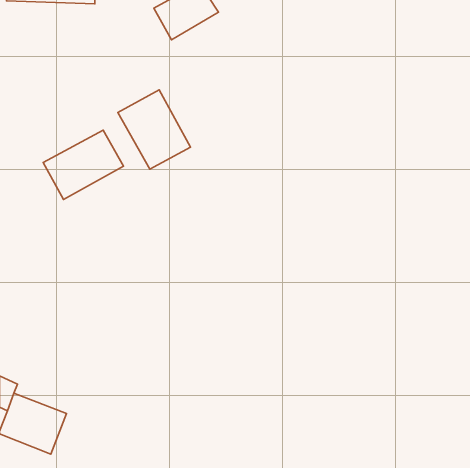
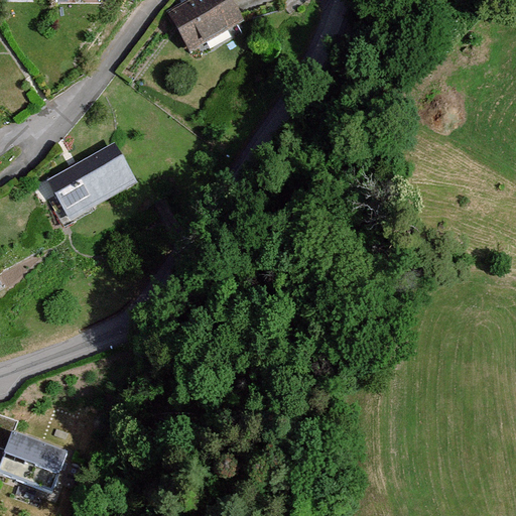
building: [118,90,191,169] -> none

